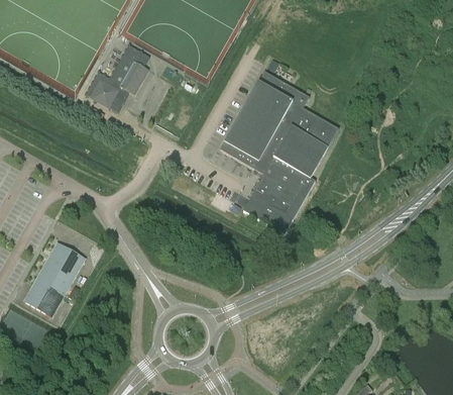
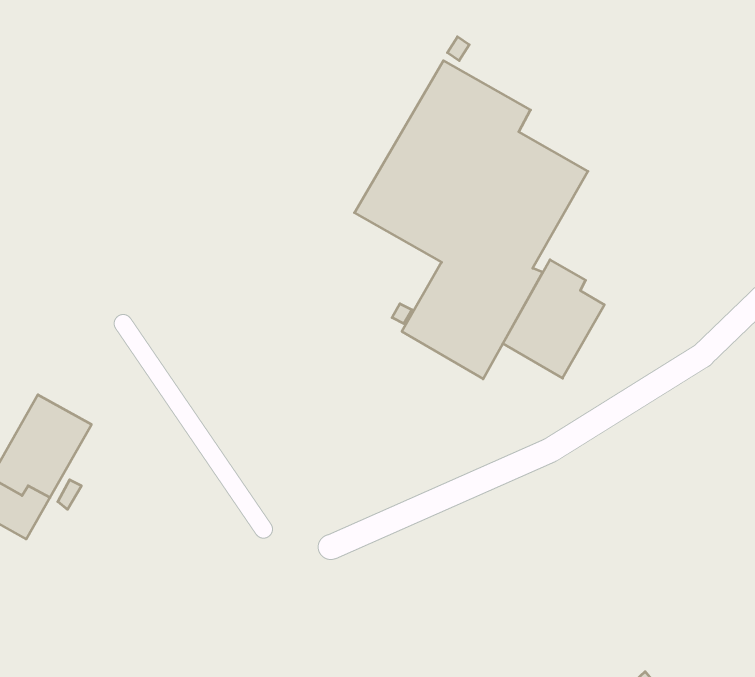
building: [86,54,148,107] -> none
building: none -> [503,260,604,378]

